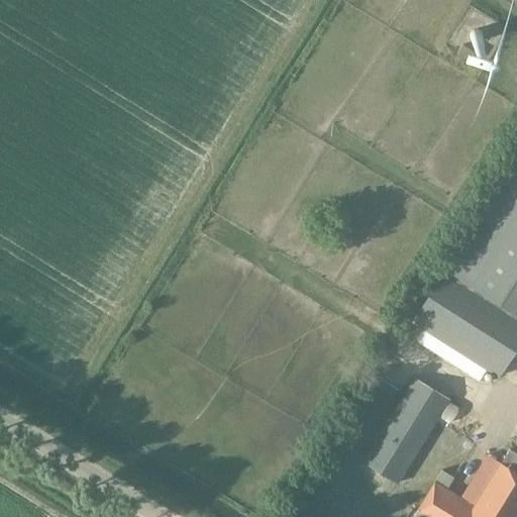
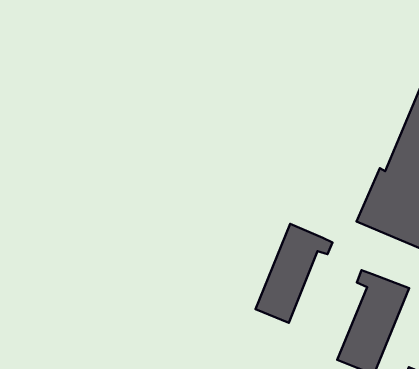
building: none -> [255,224,333,323]

